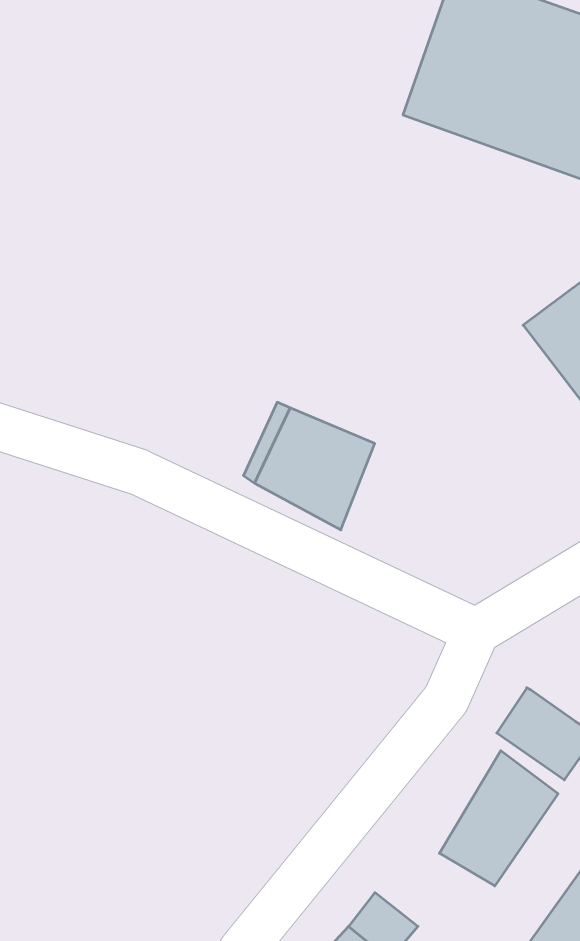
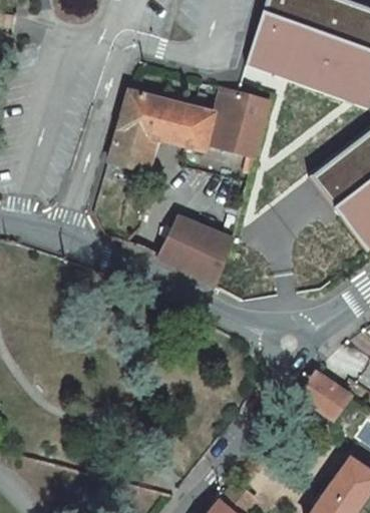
building: none -> [109,87,270,170]
building: [439,751,558,886] -> none

